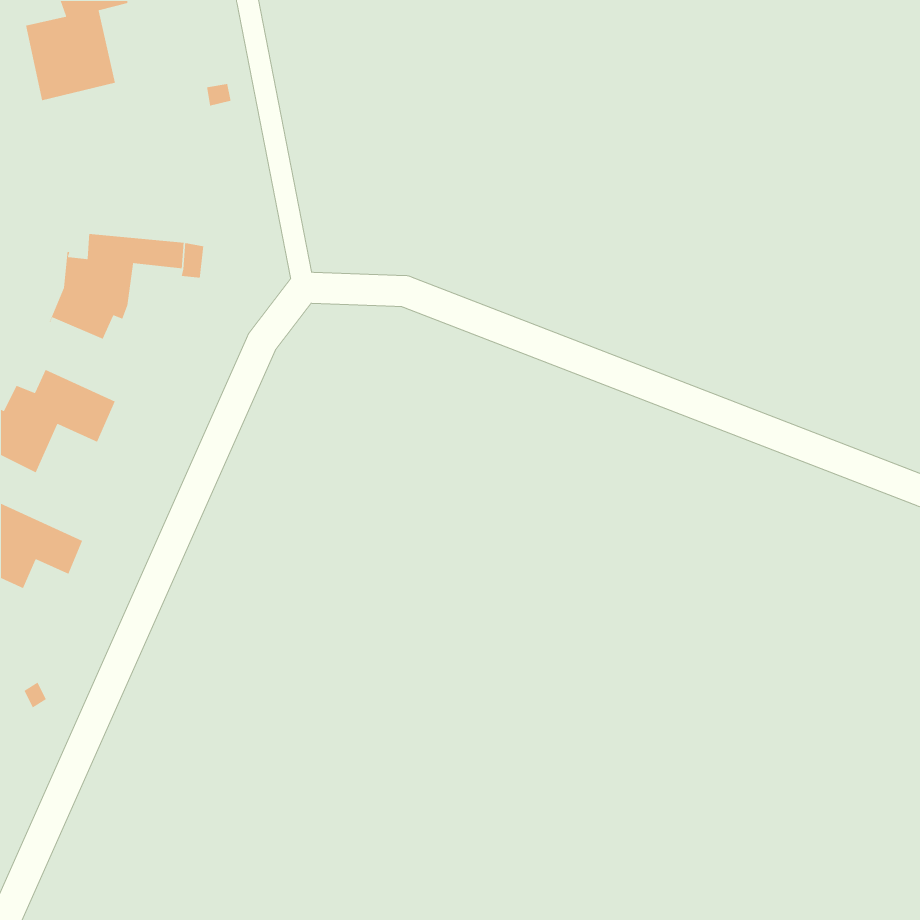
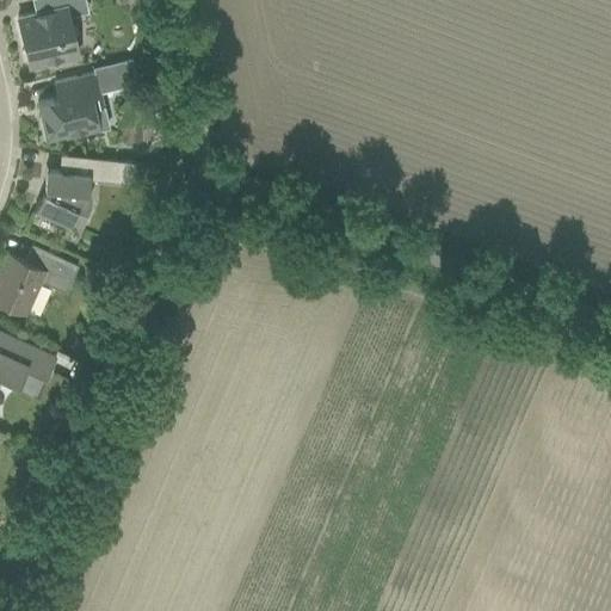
building: none -> [38,61,138,141]

